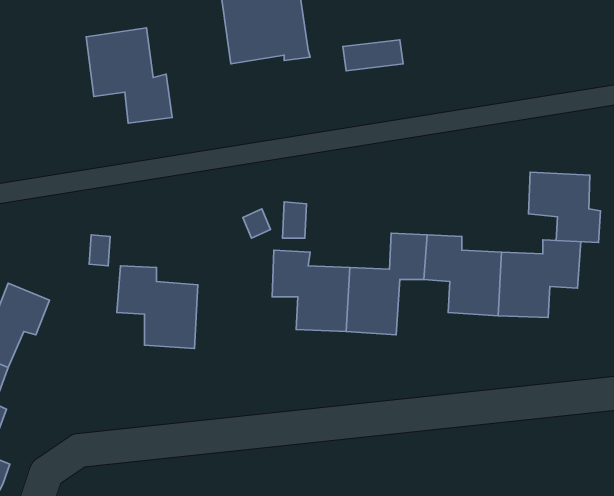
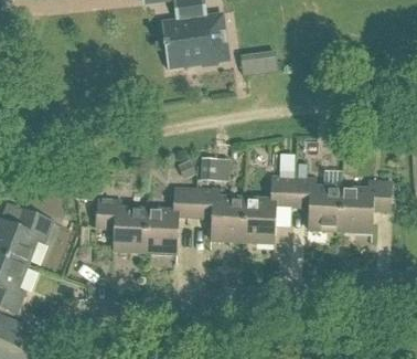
building: [86,28,172,123] -> none
building: [528,172,601,242] -> none
building: none -> [145,187,195,252]

